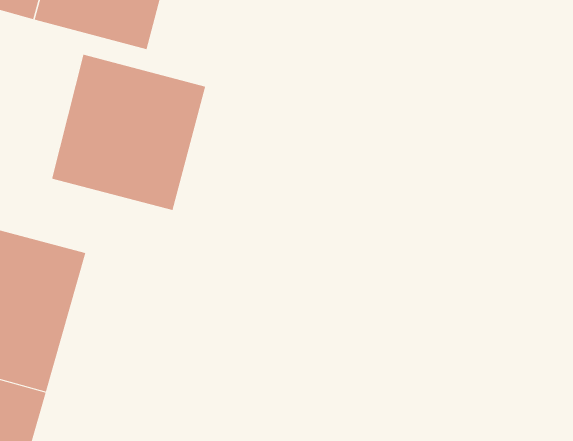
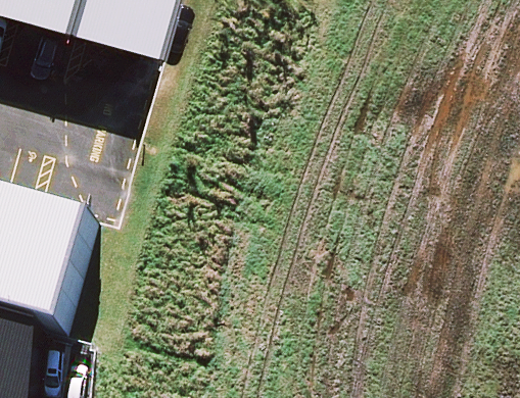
building: [51,54,206,211] -> none

